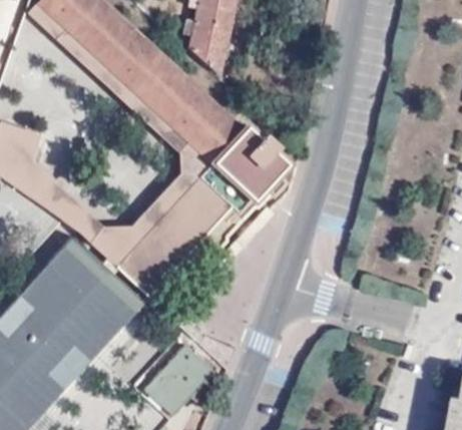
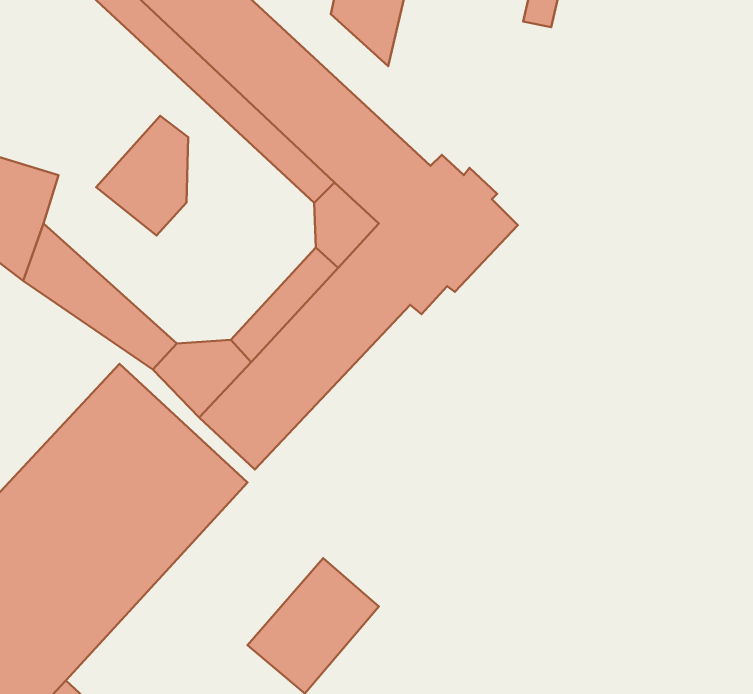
building: none -> [96,116,188,236]

